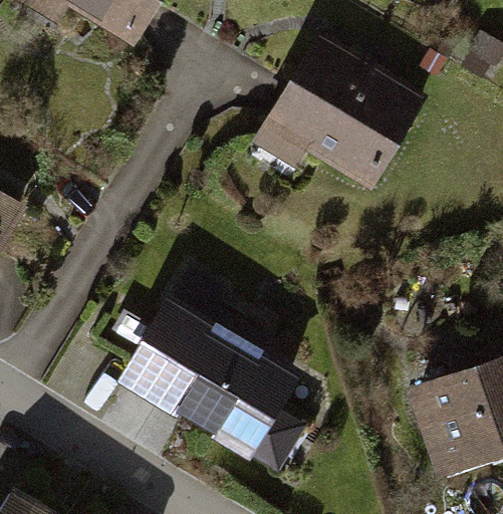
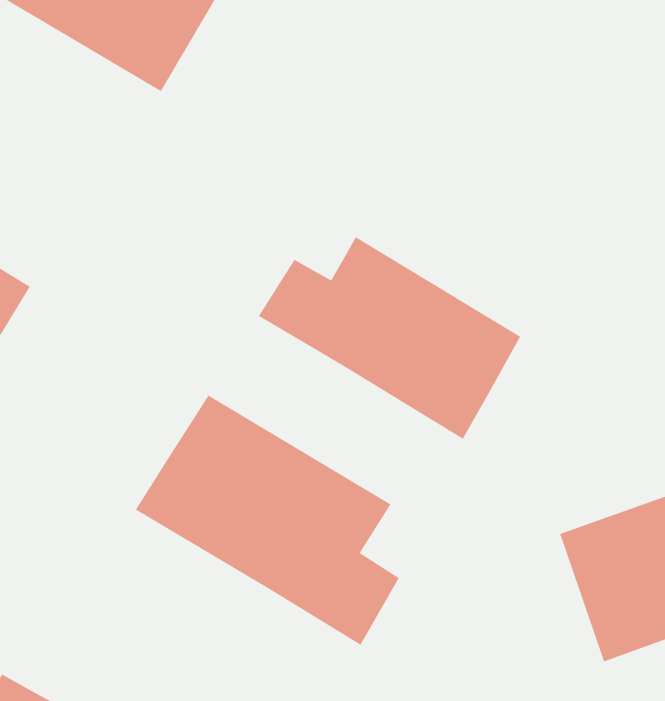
building: [256,39,420,201] -> none
building: none -> [258,236,521,440]

